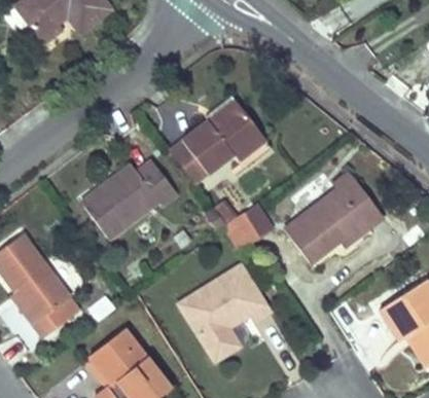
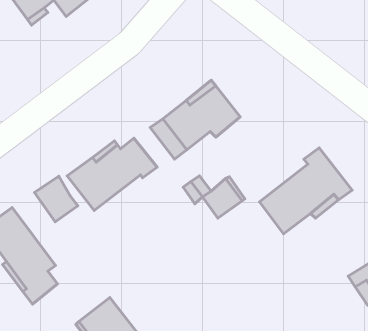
building: none -> [35,176,78,222]
building: [178,265,271,361] -> none

